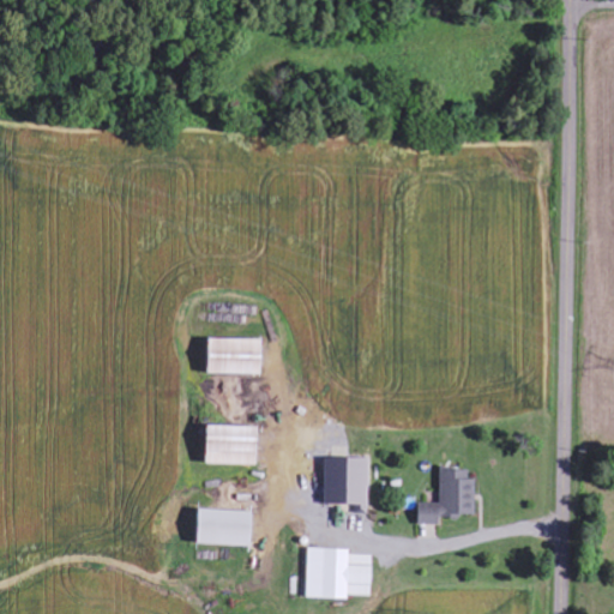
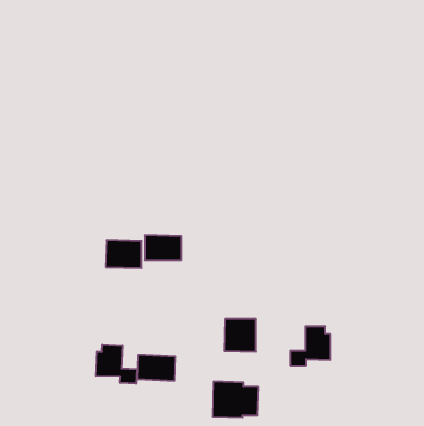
building: [205,425,257,464] -> [106,240,142,268]
building: none -> [96,344,137,384]

